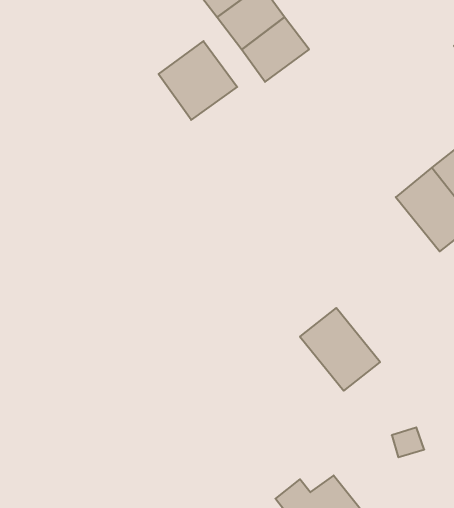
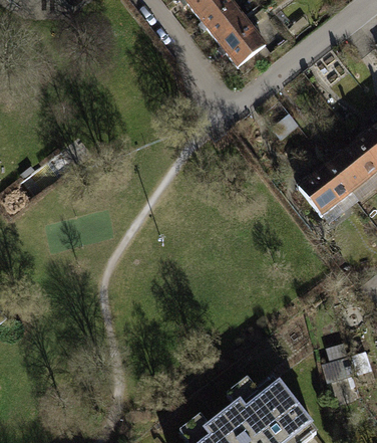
building: [159,41,237,120] -> none
building: [300,308,380,391] -> [297,160,359,224]

